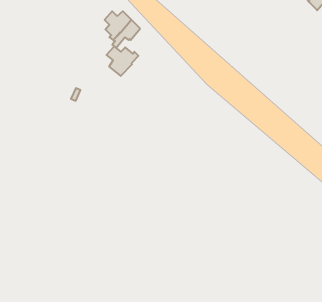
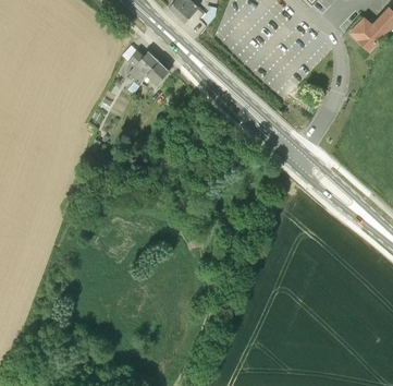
building: [107,46,138,76] -> none

